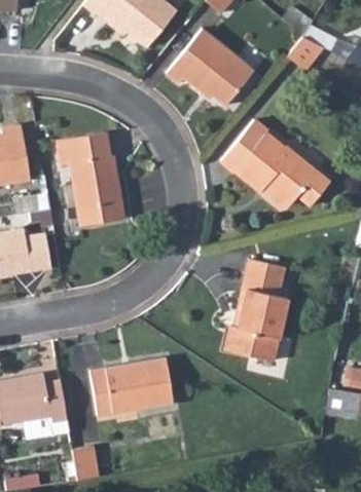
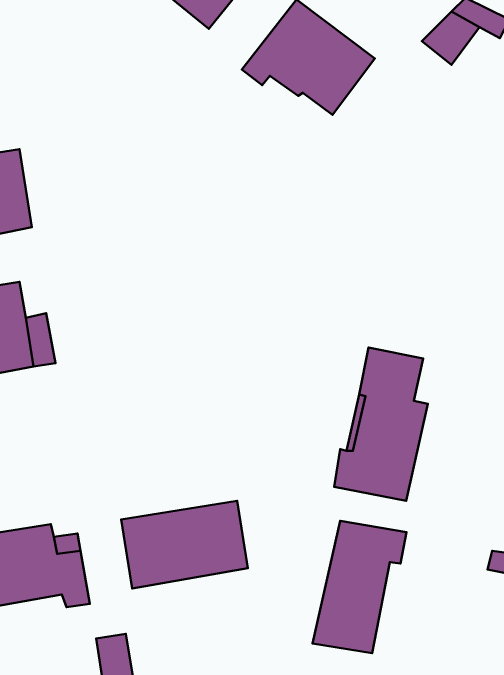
building: [223,119,328,204] -> none
building: [58,134,123,226] -> none
building: none -> [312,521,406,653]

